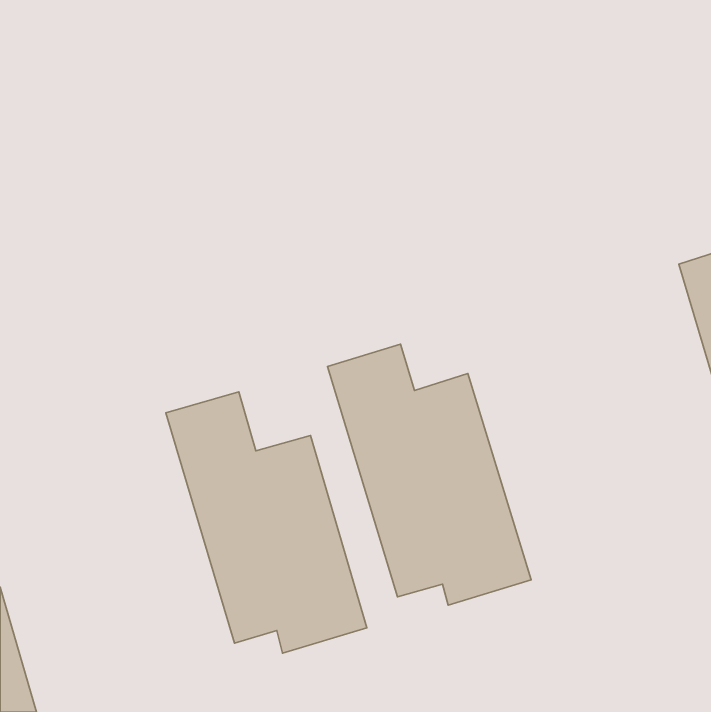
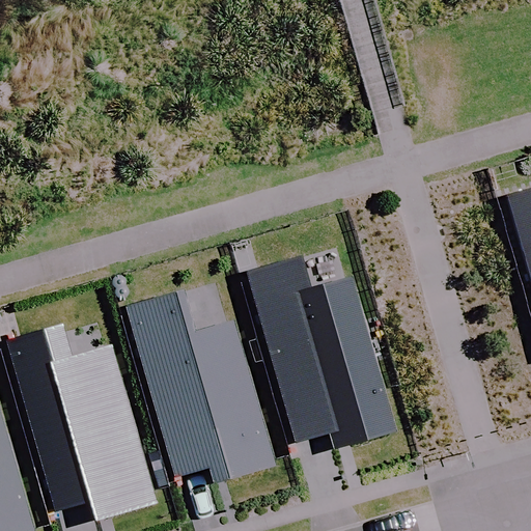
building: none -> [9,325,157,518]

